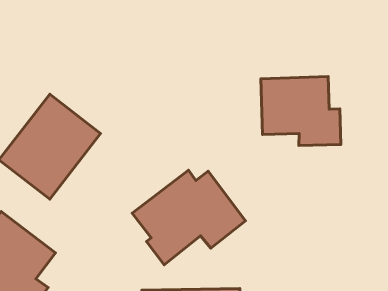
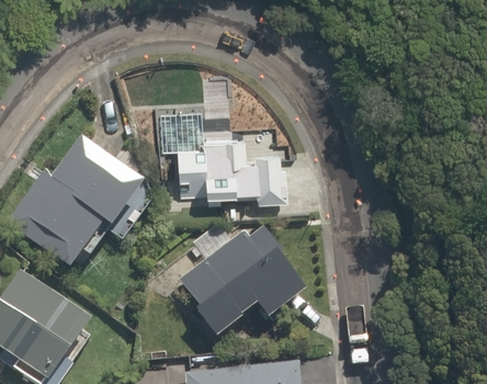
building: [261,77,341,145] -> none
building: none -> [177,128,286,201]

